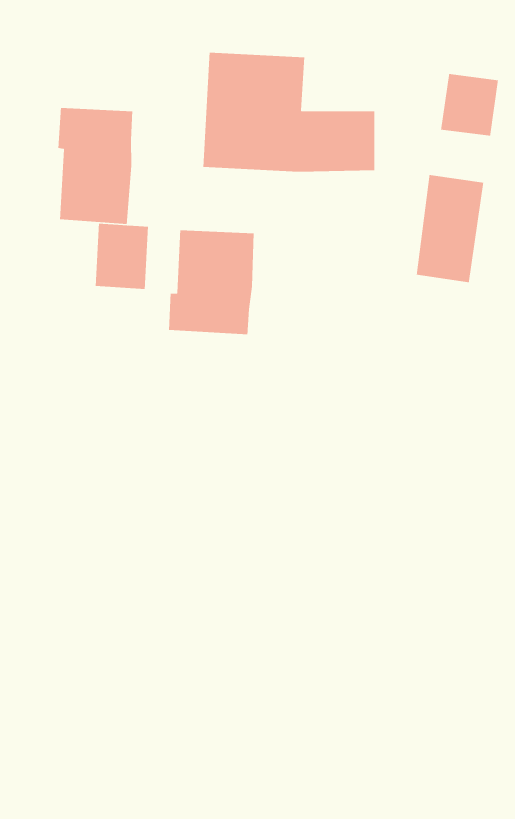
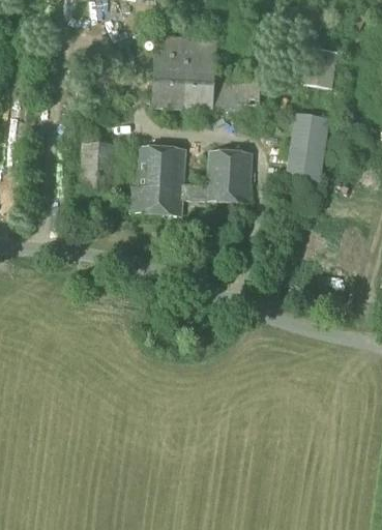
building: [57,107,133,225] -> none
building: none -> [181,150,251,201]

